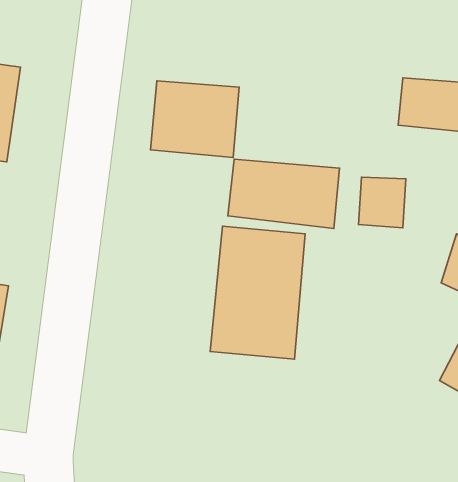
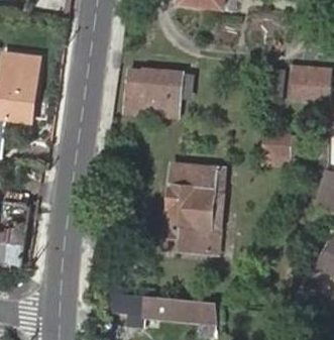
building: [228,159,339,229] -> none
building: none -> [100,291,214,324]

